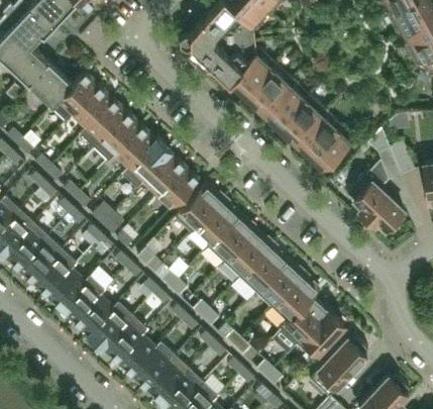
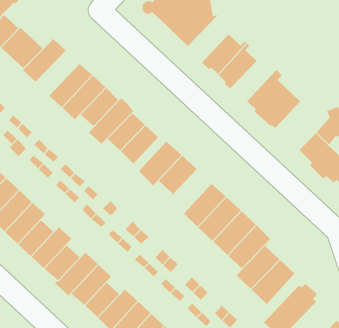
building: [229,49,273,100] -> none
building: [66,87,113,135] -> none
building: [275,94,324,141] -> none
building: [208,214,254,262] -> none

